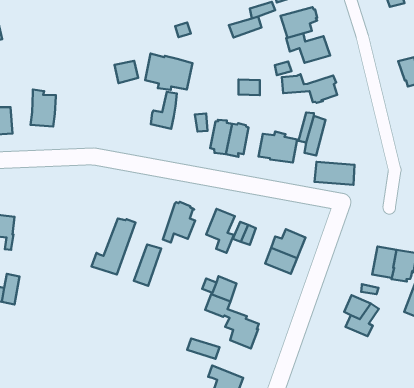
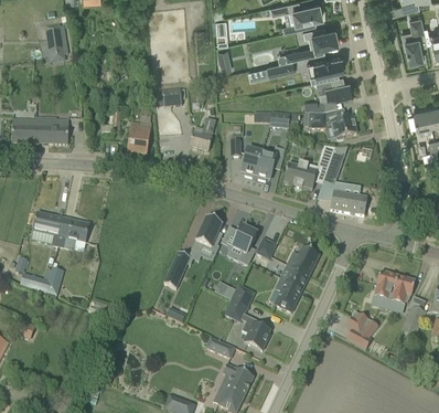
building: [145,54,192,90] -> none
building: [31,90,56,127] -> [126,121,150,156]
building: none -> [57,218,88,250]
building: [92,218,136,275] -> none
building: none -> [274,277,302,313]

